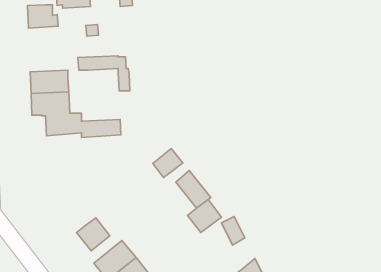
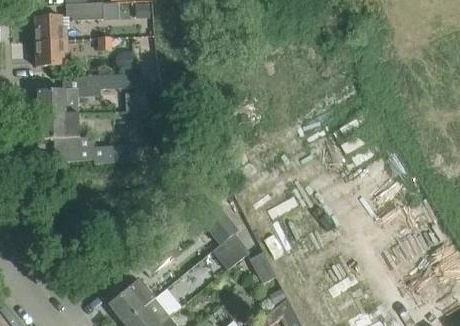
building: none -> [35,39,68,66]
building: [153,149,183,178] -> none
building: [76,218,110,251] -> none

